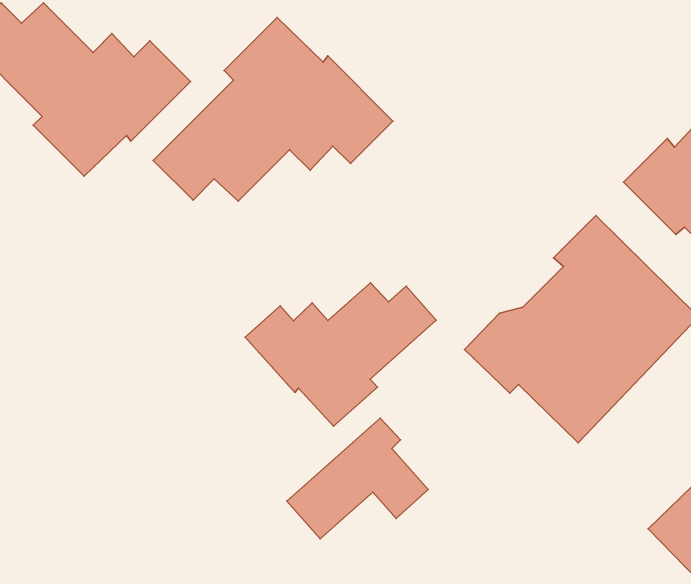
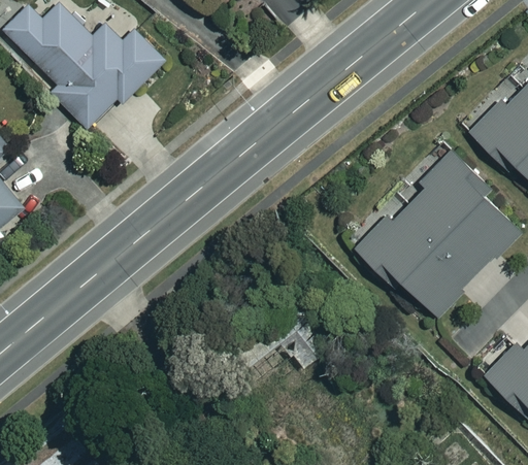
building: [153,18,393,201] -> none
building: [245,283,436,426] -> none

